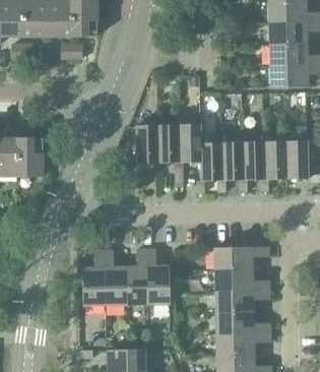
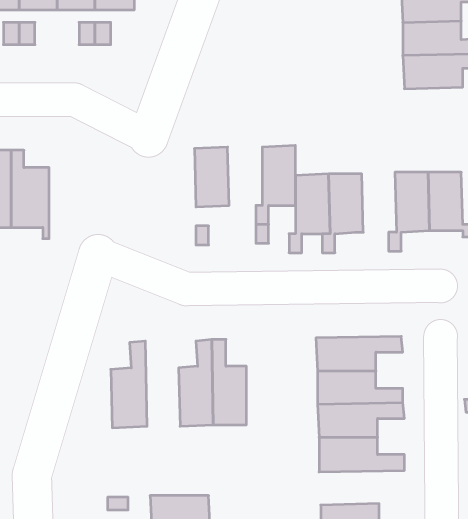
building: [157,124,180,162] -> none
building: [240,140,266,191] -> none
building: [105,249,127,304] -> none
building: [216,332,271,355] -> none

